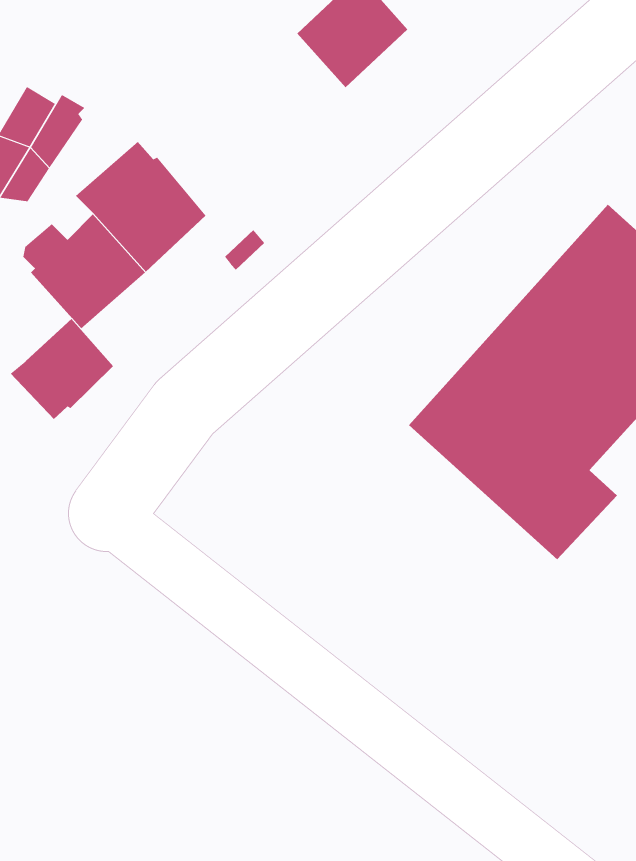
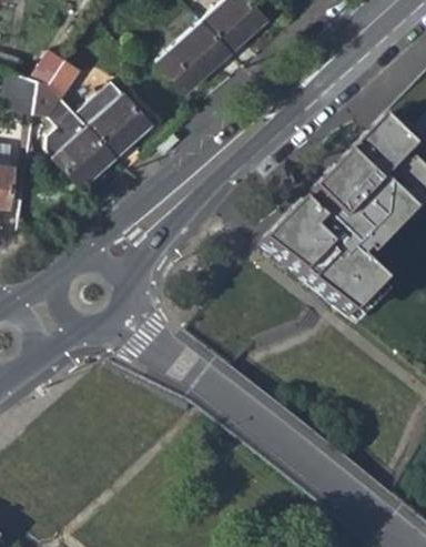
building: none -> [159,20,232,93]
building: [10,318,114,420] -> none

